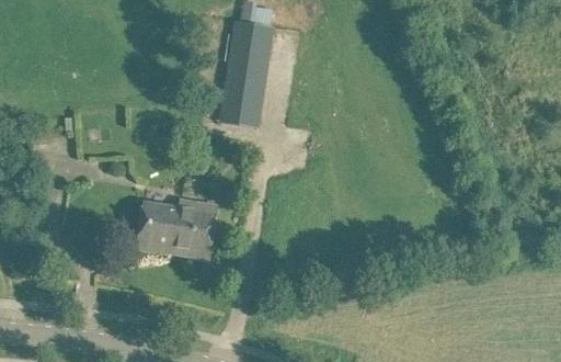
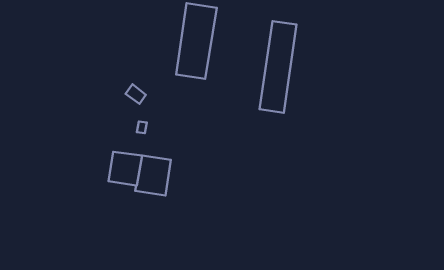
building: none -> [259,21,296,113]

